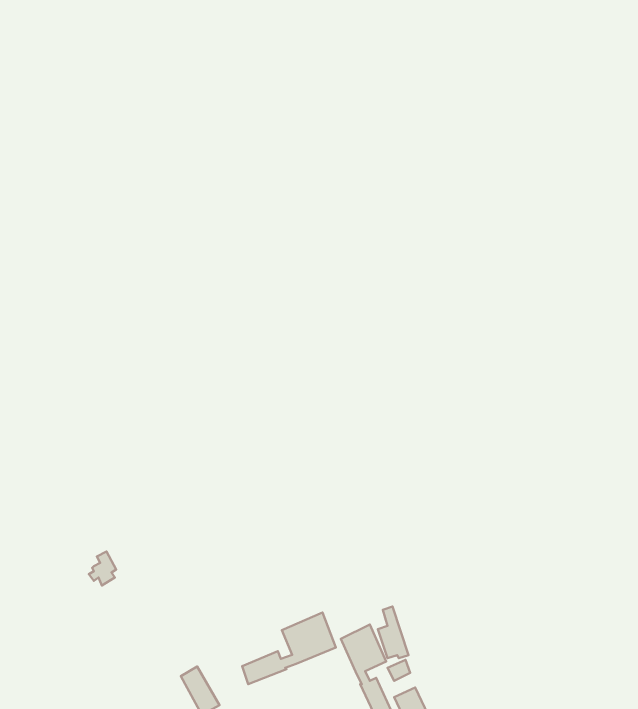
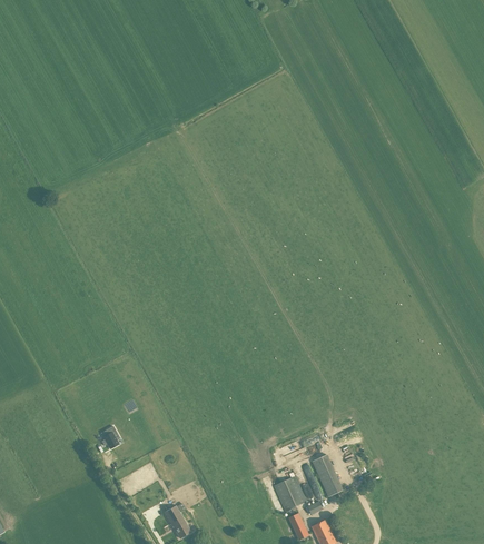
building: none -> [312,454,343,496]
building: [242,612,336,684] -> none

